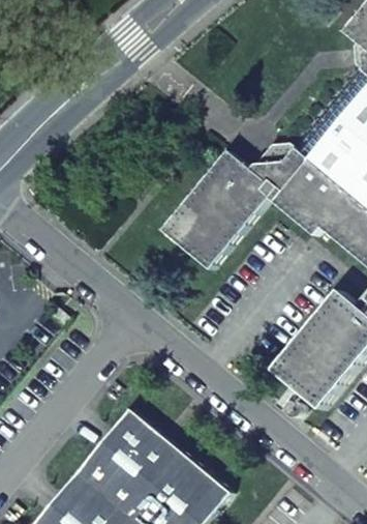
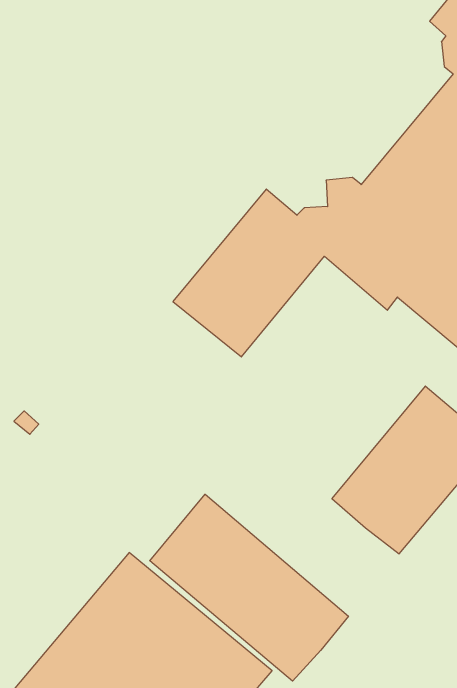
building: none -> [150,494,348,681]

